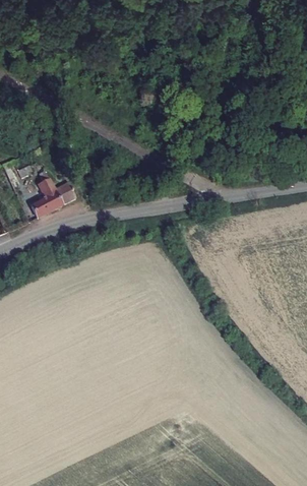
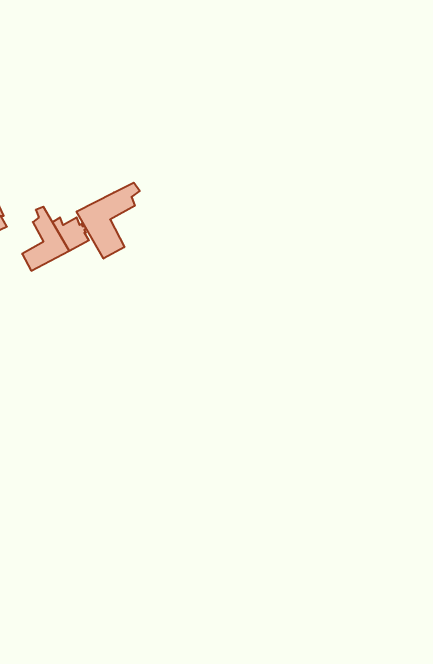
building: none -> [77,183,140,259]

